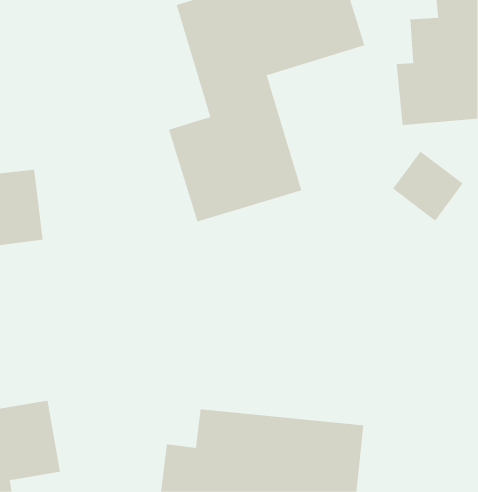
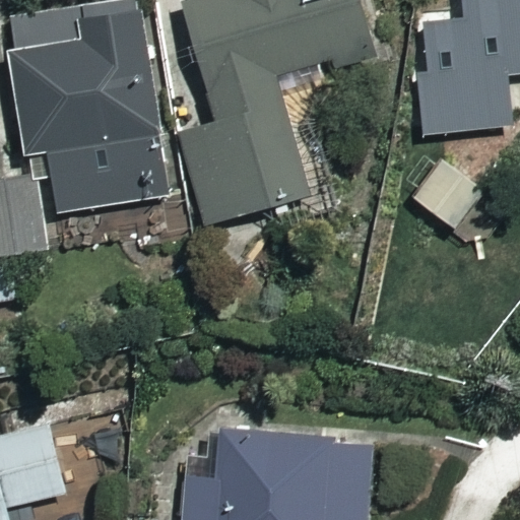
building: none -> [13,16,166,206]

